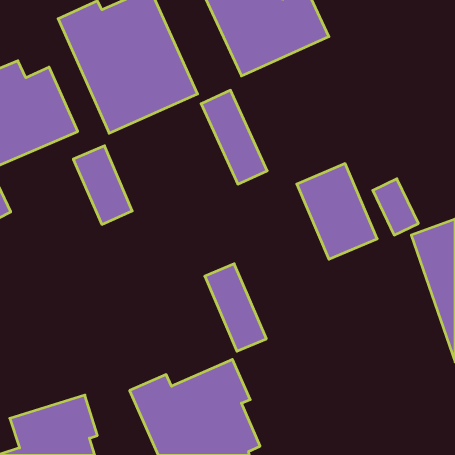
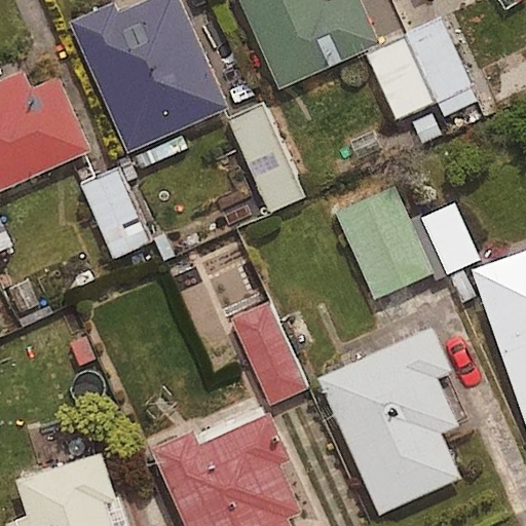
building: none -> [370,20,480,119]
building: none -> [316,328,460,516]

